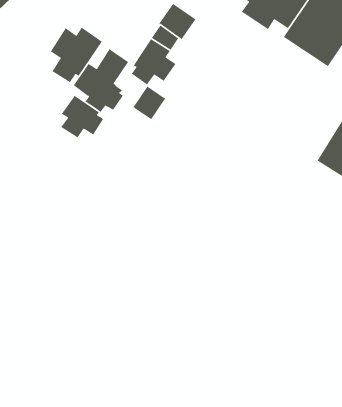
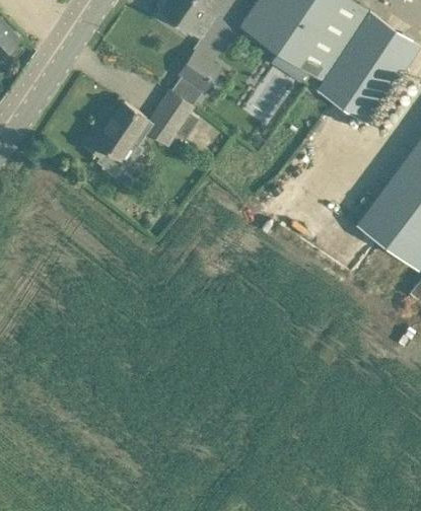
building: [50,26,103,83] -> none
building: [133,85,166,120] -> none
building: [60,95,104,139] -> none

